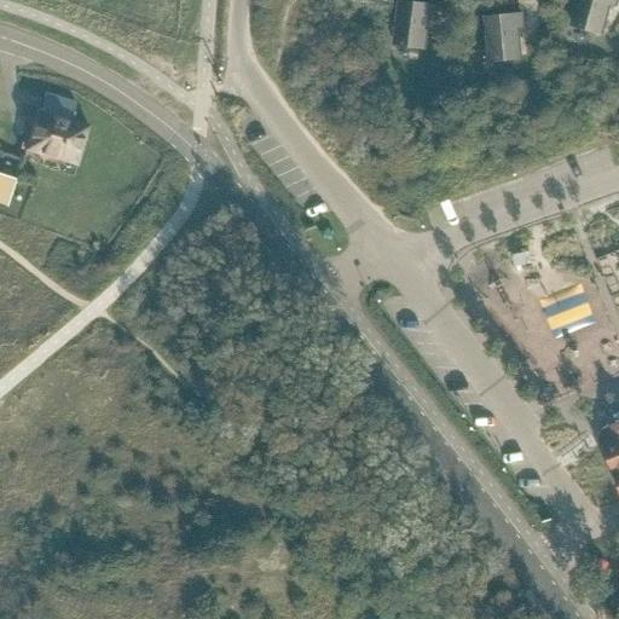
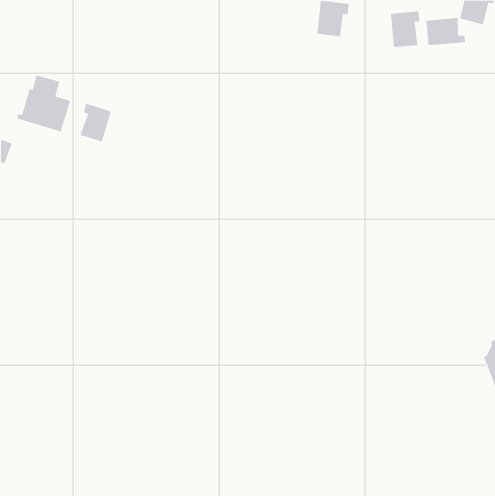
building: none -> [426,17,465,46]
building: none -> [80,103,112,142]

